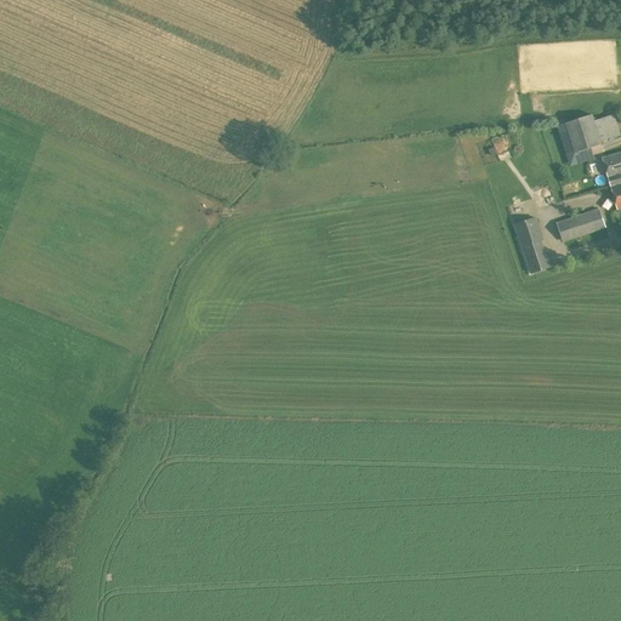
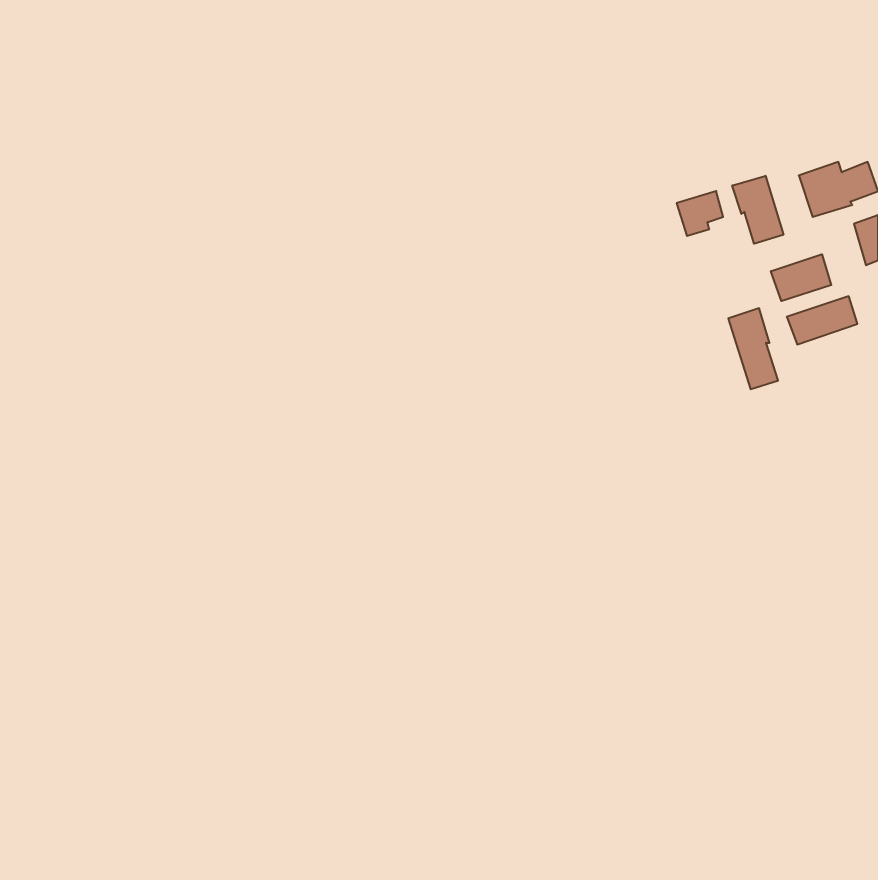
building: none -> [732,176,783,244]
building: none -> [771,254,831,301]

